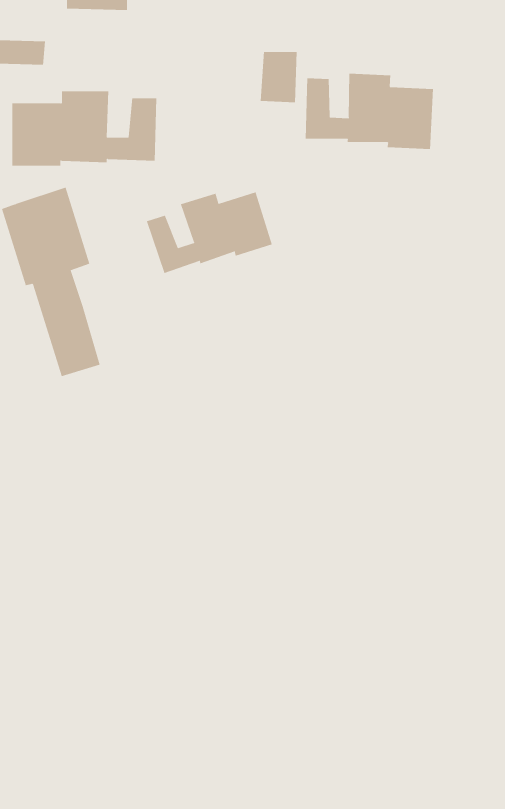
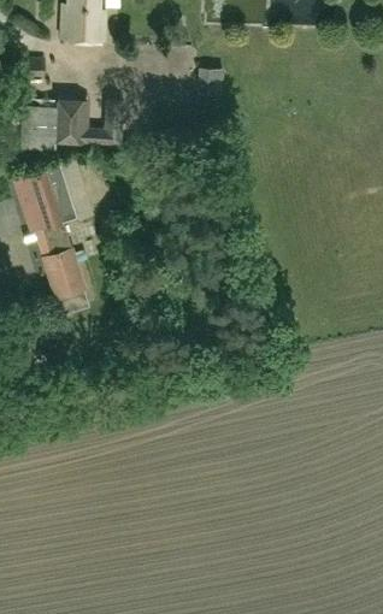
building: [305,73,434,150] -> none
building: [146,192,273,274] -> none

